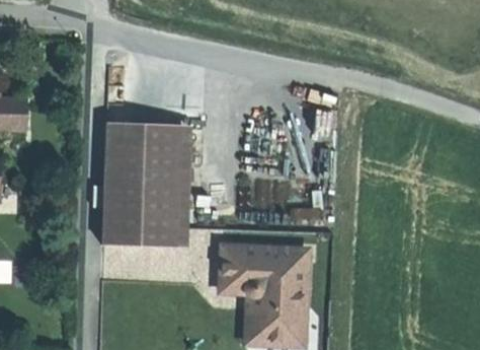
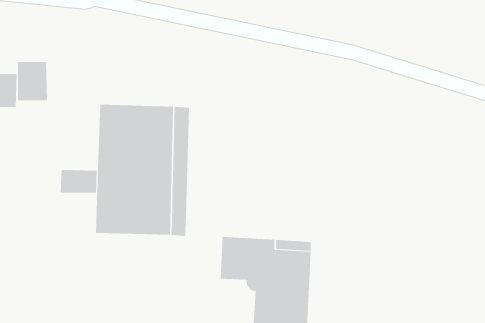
building: none -> [17,61,47,101]
building: none -> [60,169,97,193]

